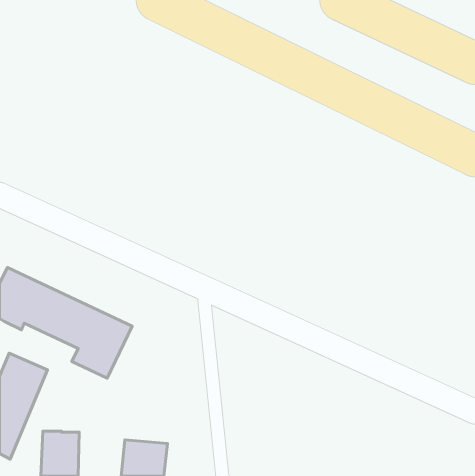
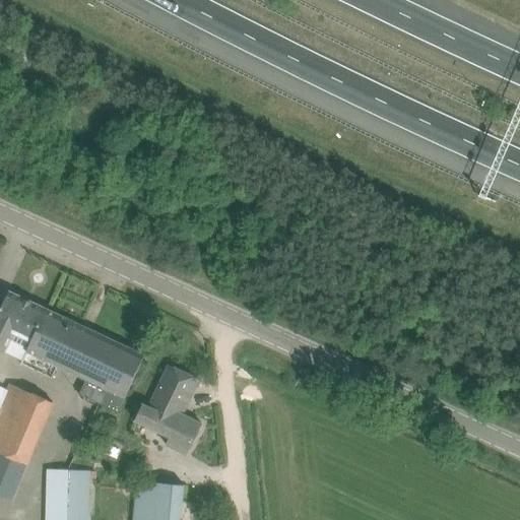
building: none -> [134,366,201,455]

